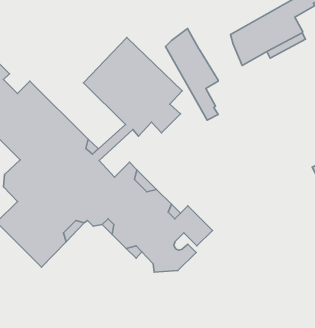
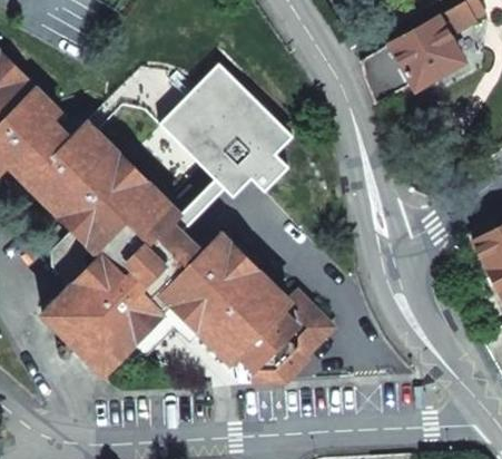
building: [165,29,218,120] -> none

